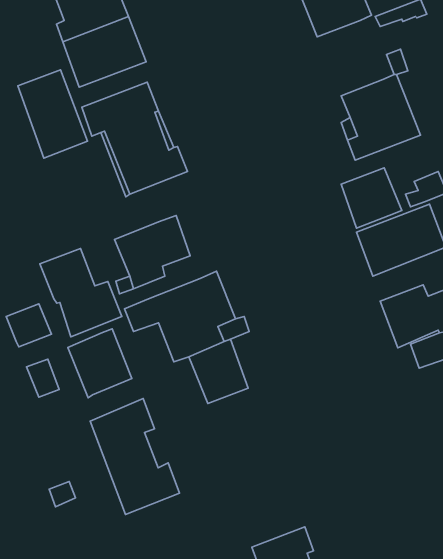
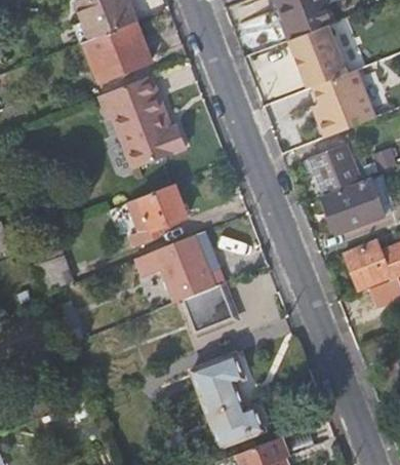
building: none -> [287,25,345,88]
building: [18,70,88,158] -> none
building: [40,249,122,337] -> none
building: [68,329,132,398] -> none
building: [90,399,180,514] -> [192,352,265,447]

